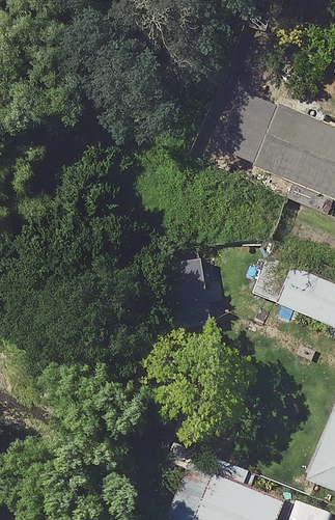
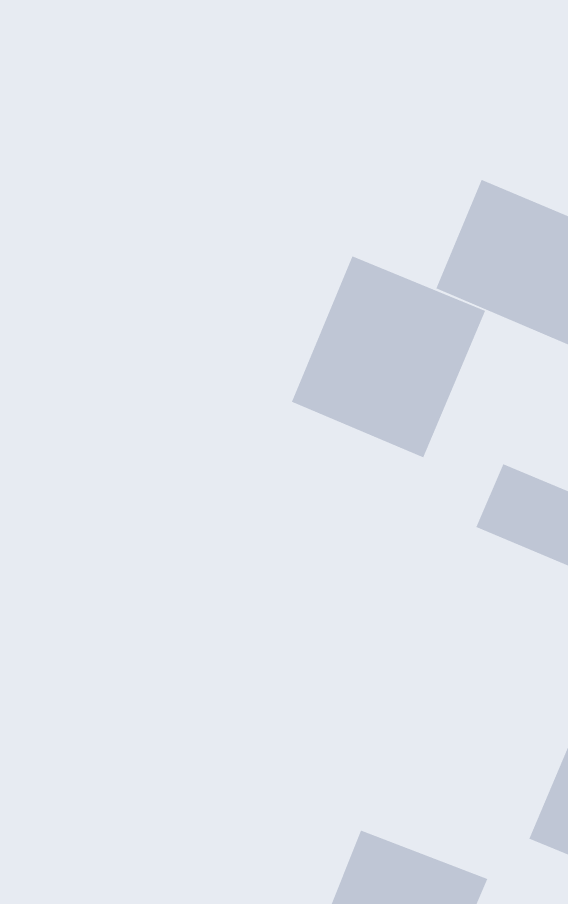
building: none -> [291,256,486,458]

